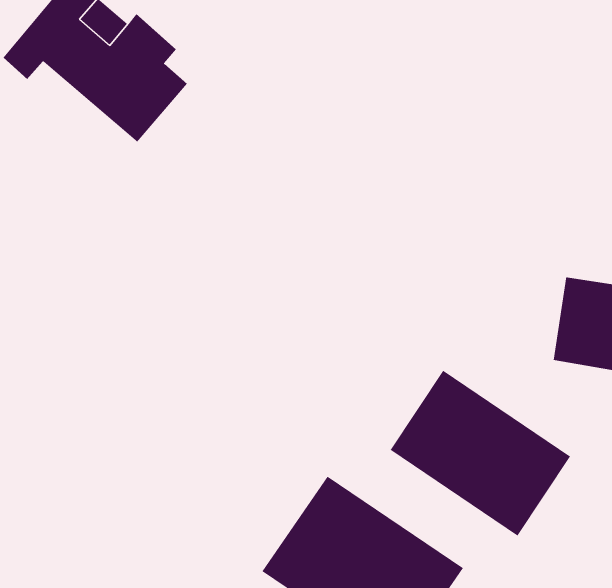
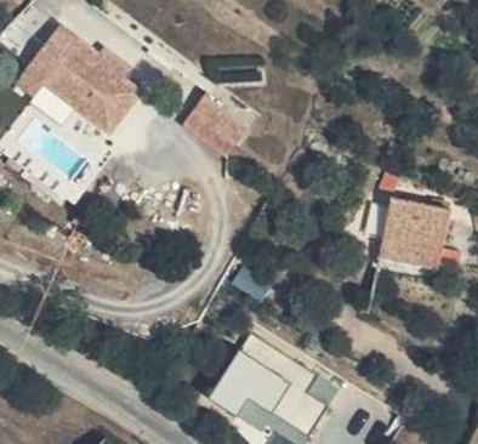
building: none -> [181,93,245,153]
building: [390,370,571,537] -> none

